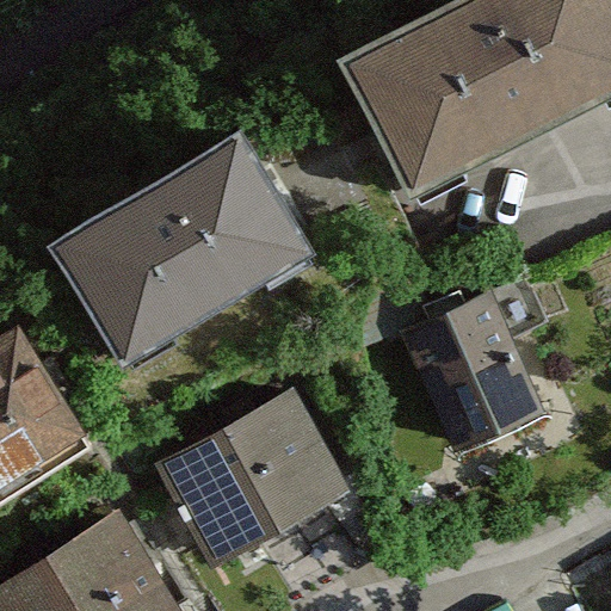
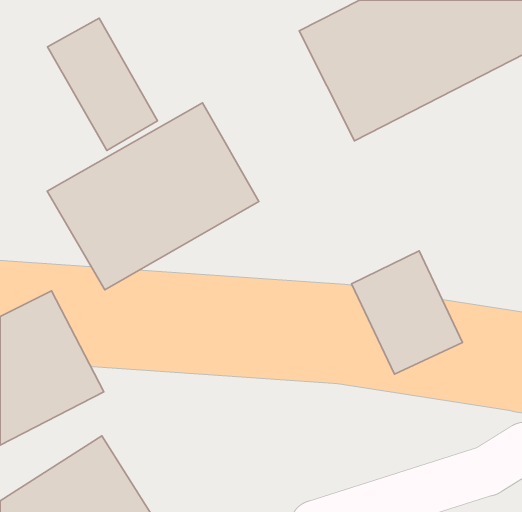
building: none -> [47,18,158,150]
building: [165,397,345,561] -> none

